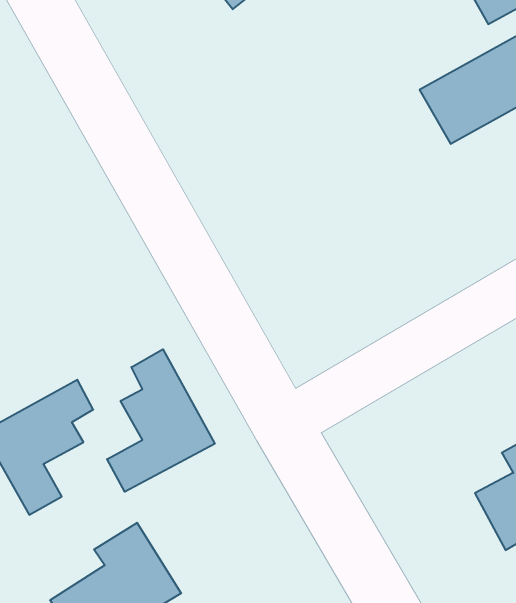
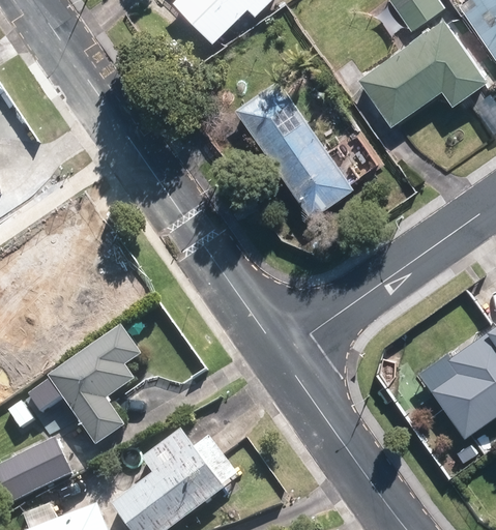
building: none -> [242,90,347,214]
building: [107,349,215,492] -> none

